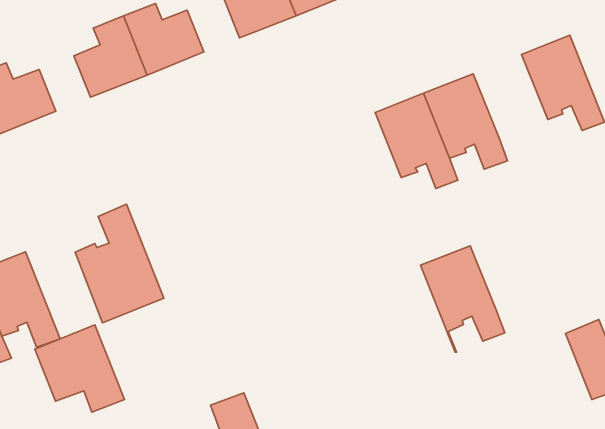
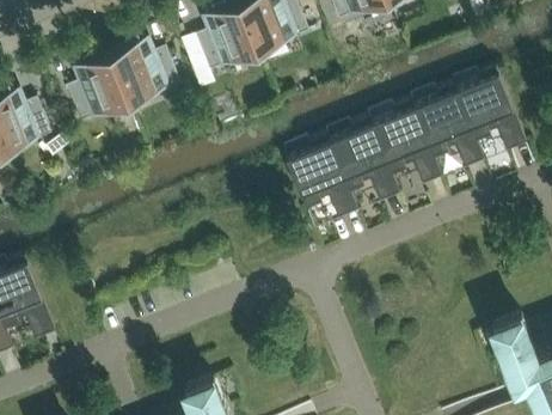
building: none -> [411,87,483,170]
building: [75,204,164,323] -> none
building: [421,246,505,352] -> [283,138,356,230]
building: [35,325,124,412] -> none

